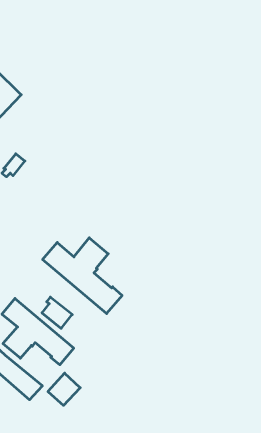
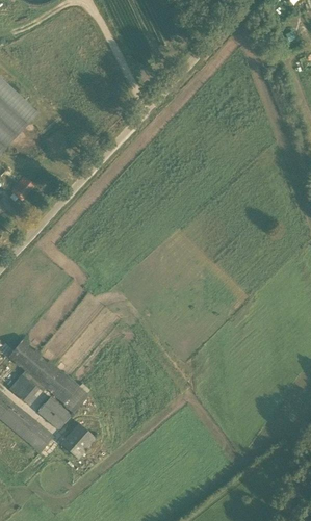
building: [43,238,122,314] -> none
building: [42,297,72,328] -> [36,394,71,429]

